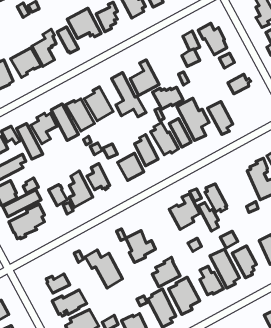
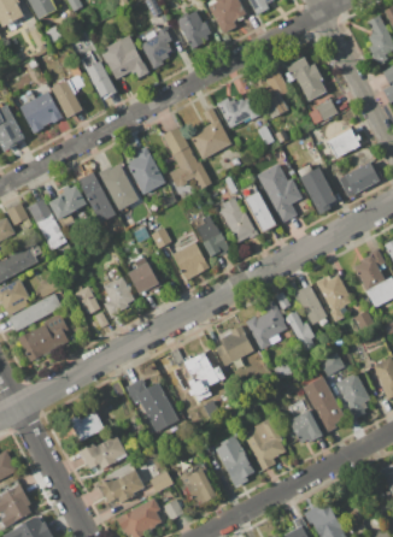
building: [153,87,183,109] -> [217,96,260,128]
building: none -> [338,161,380,197]
building: none -> [316,275,351,323]
building: [152,257,180,287] -> [213,324,253,366]

